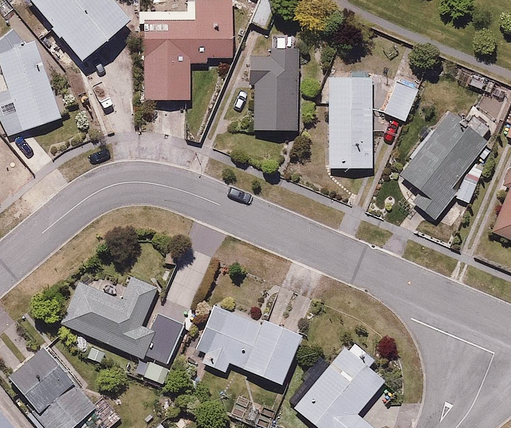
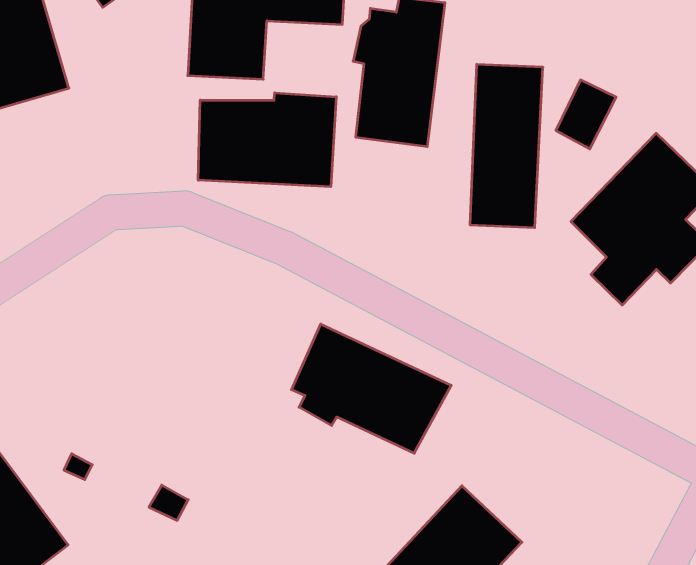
building: none -> [198,93,336,187]
building: [60,279,183,366] -> none
building: [196,307,299,385] -> [291,324,451,453]

